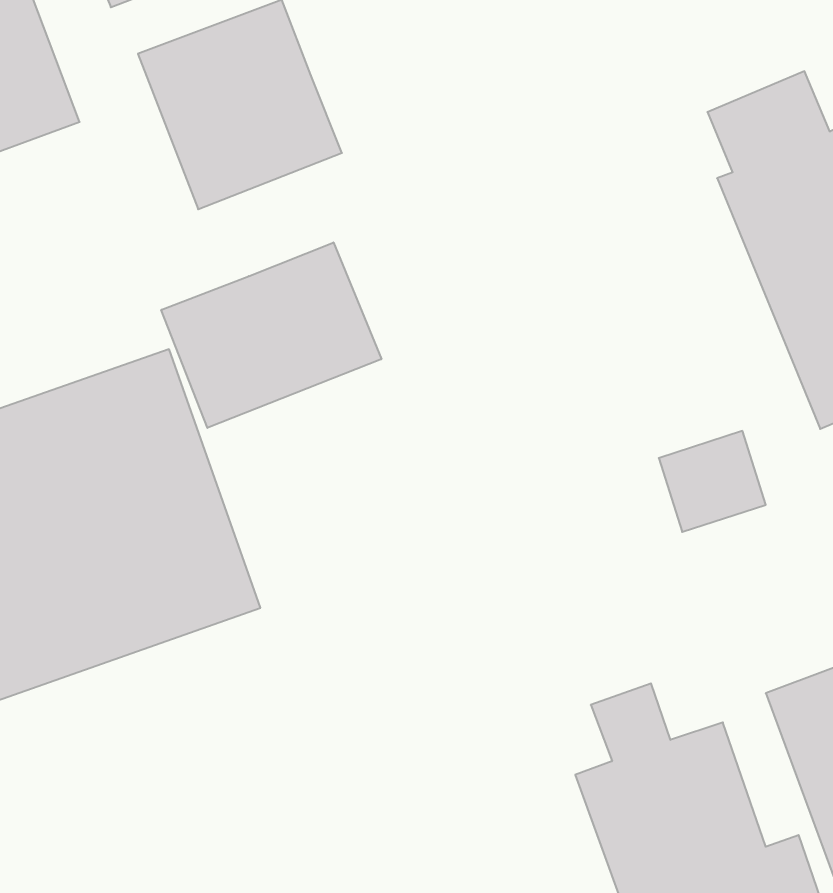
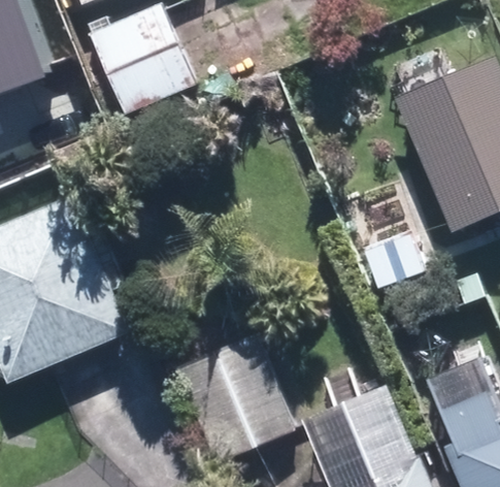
building: [161,242,381,428] -> none
building: none -> [182,331,304,462]

